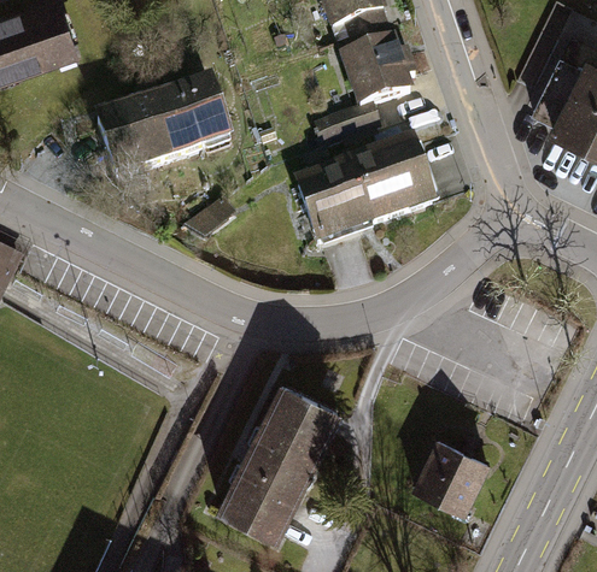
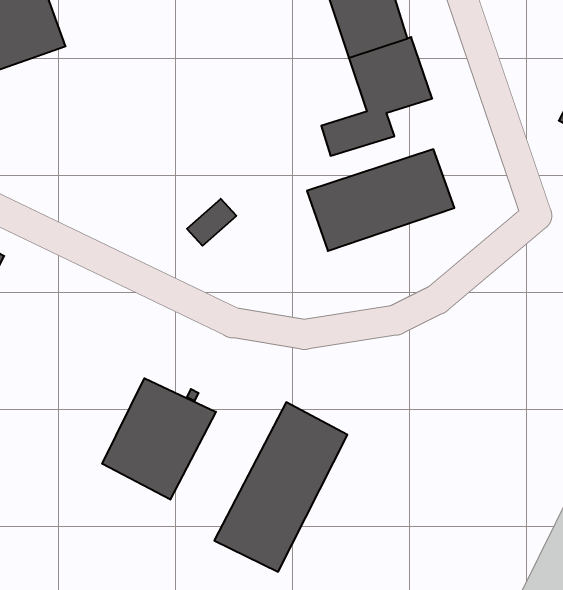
building: [95,77,234,178] -> none
building: none -> [102,378,216,500]
building: [415,440,496,518] -> none

